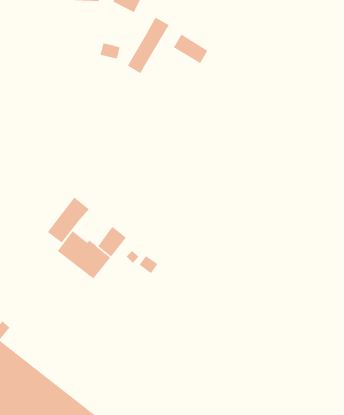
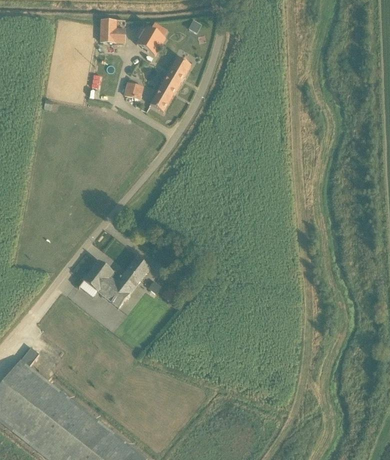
building: [173,33,209,64] -> none
building: [47,197,90,244] -> none

